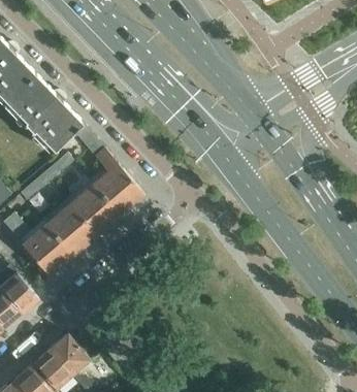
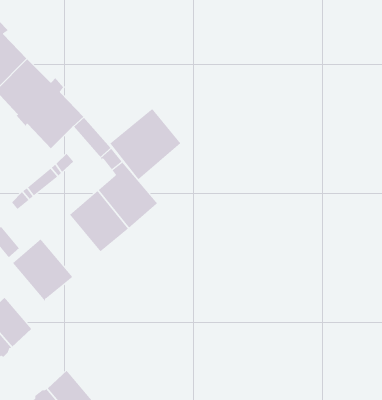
building: none -> [109,108,181,180]
building: [45,204,95,256] -> none

